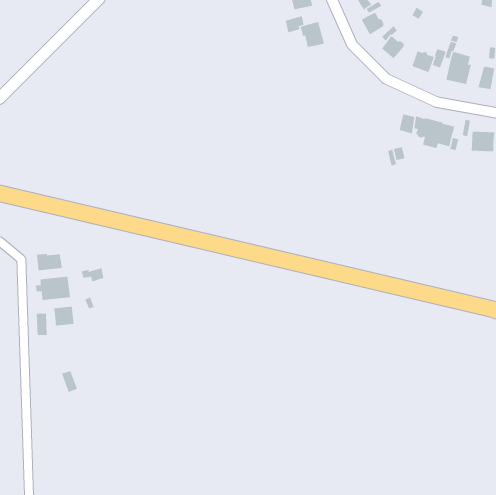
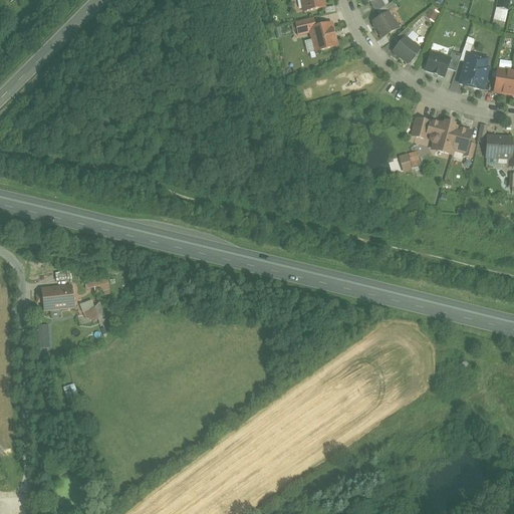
building: [36,253,63,271] -> none
building: [53,306,74,326] -> none

